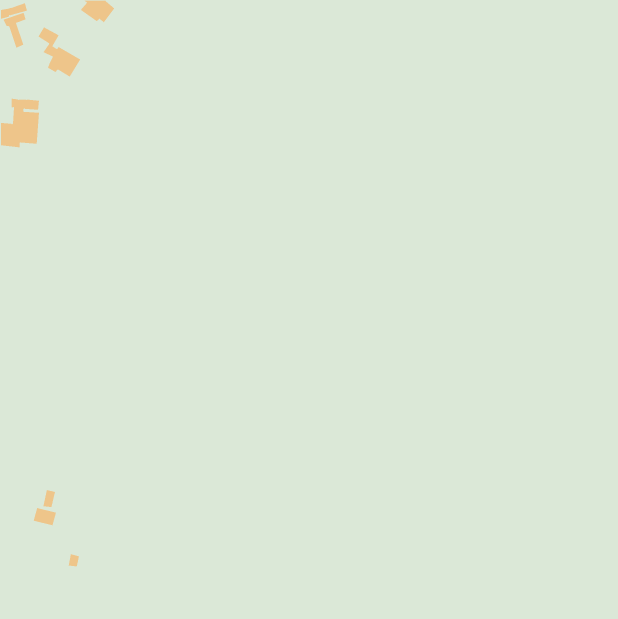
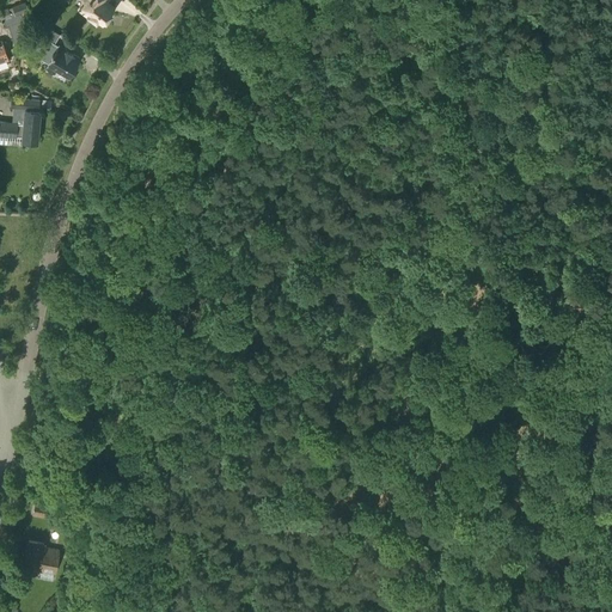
building: none -> [24,540,60,574]

